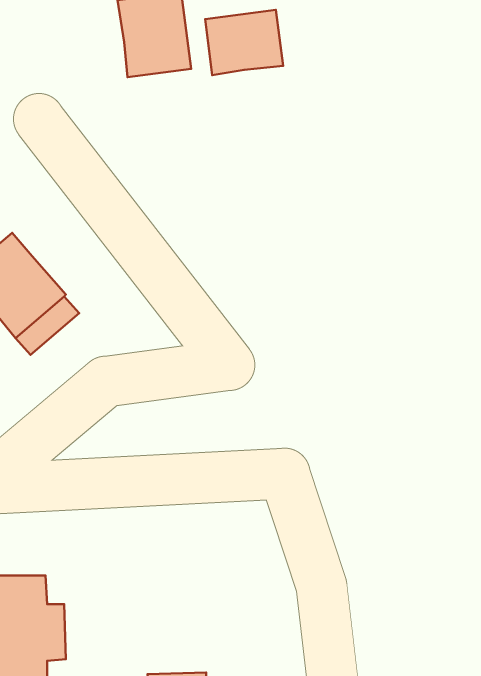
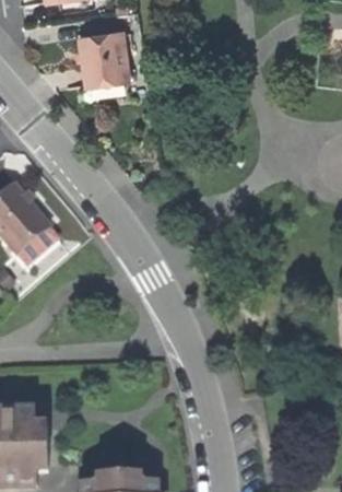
building: [205,10,283,75] -> none

